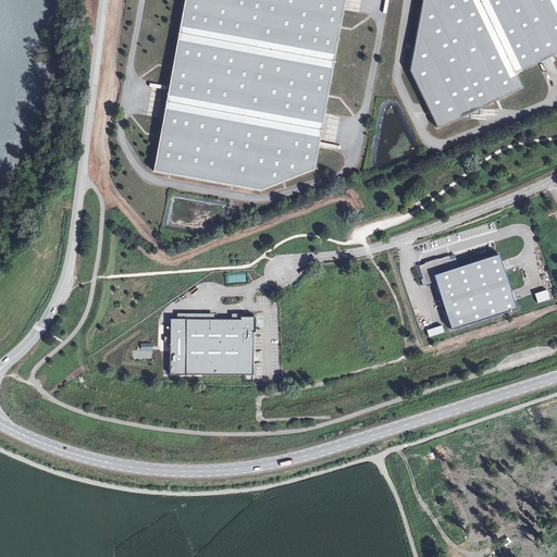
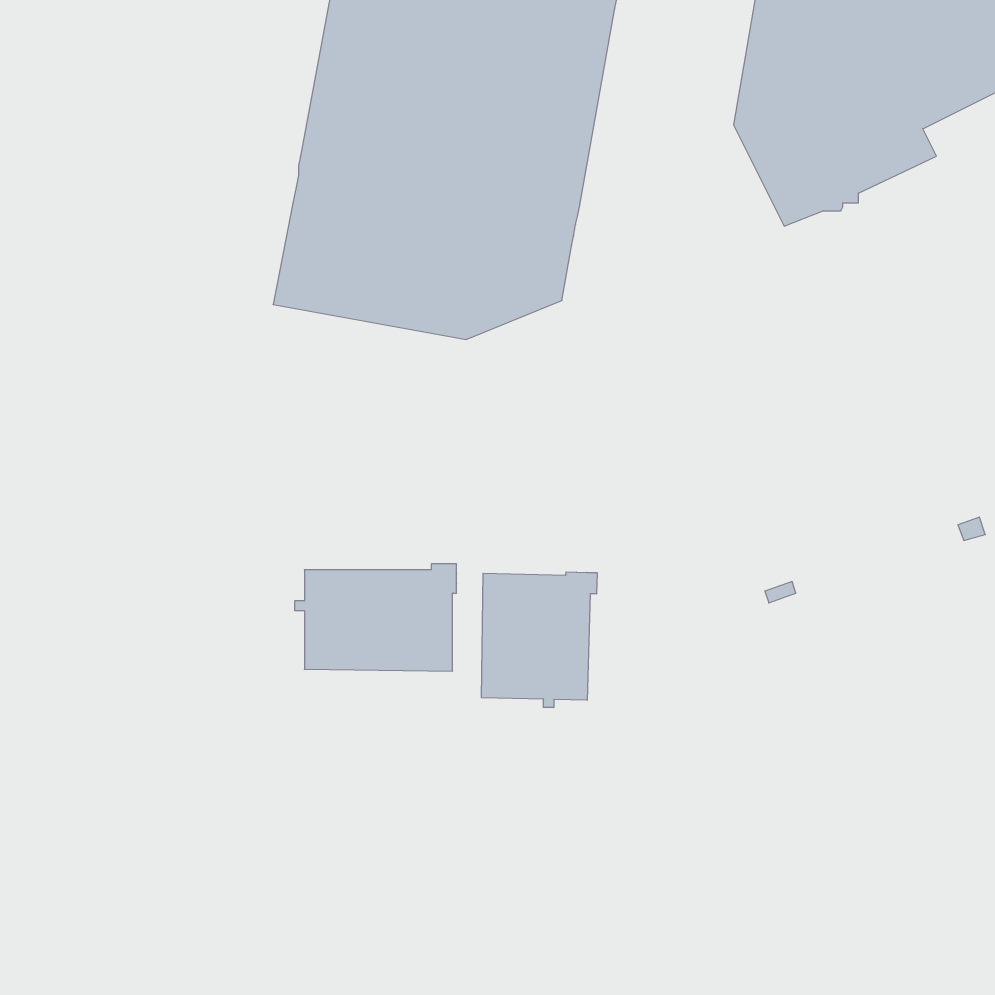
building: [420,252,517,329] -> none
building: none -> [482,572,597,708]

